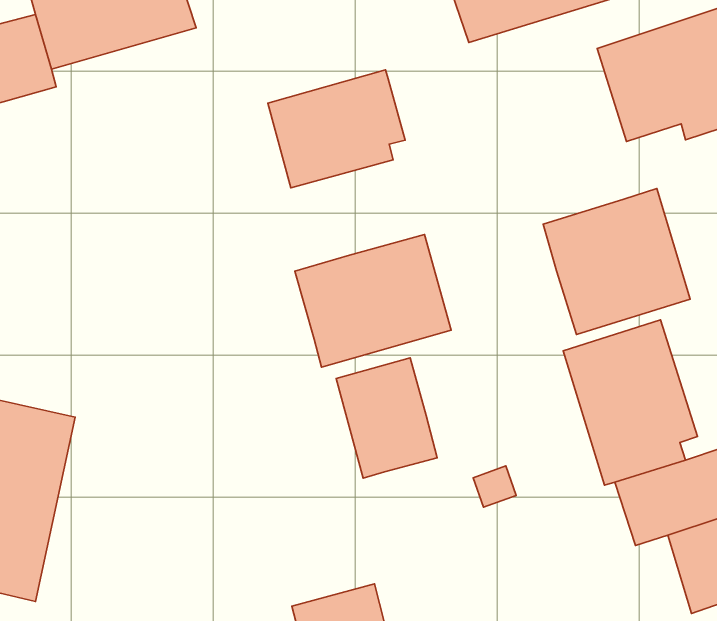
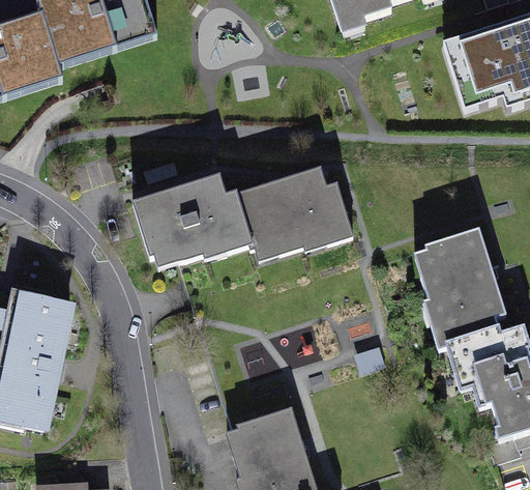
building: [268,70,405,188] -> none
building: [543,189,690,335] -> none
building: none -> [135,178,241,269]
building: [336,358,437,478] -> none

